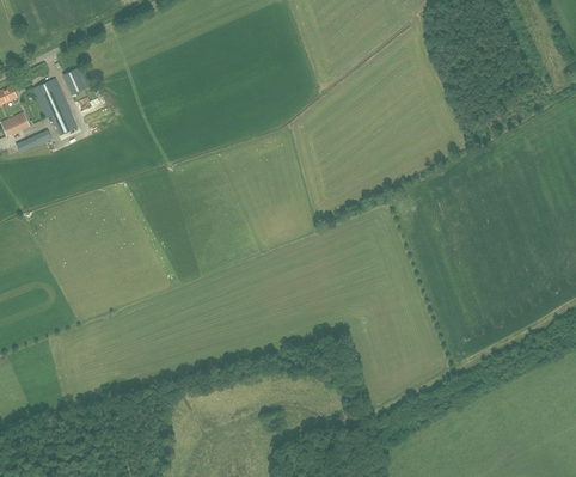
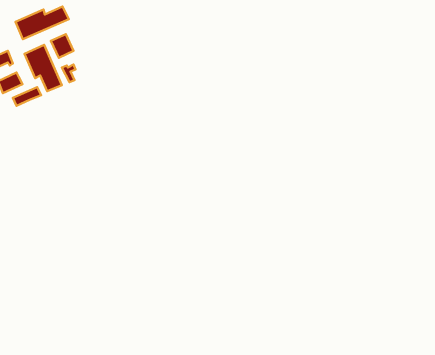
building: none -> [16,7,69,39]

